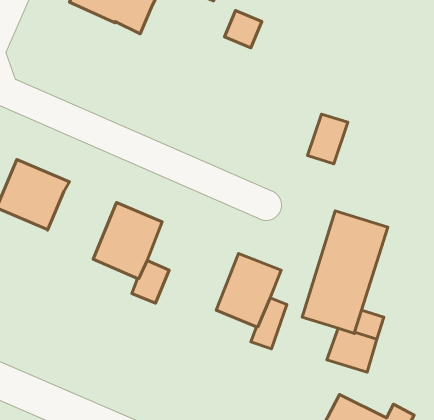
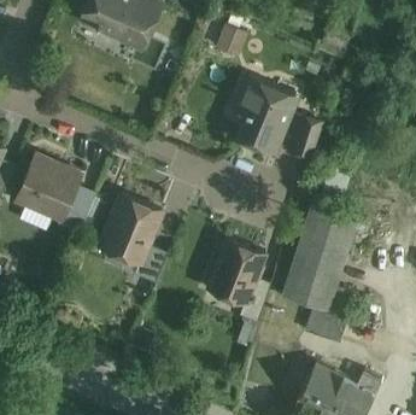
building: none -> [228,70,303,160]
building: none -> [57,185,95,233]

